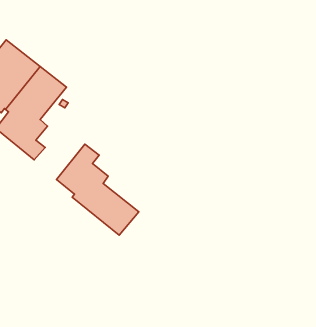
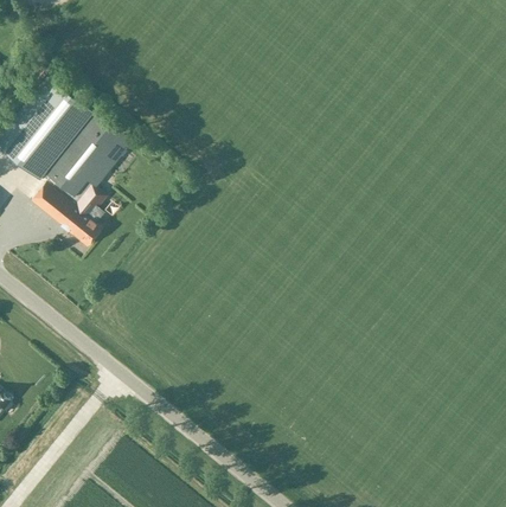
building: [56,144,139,235] -> none

